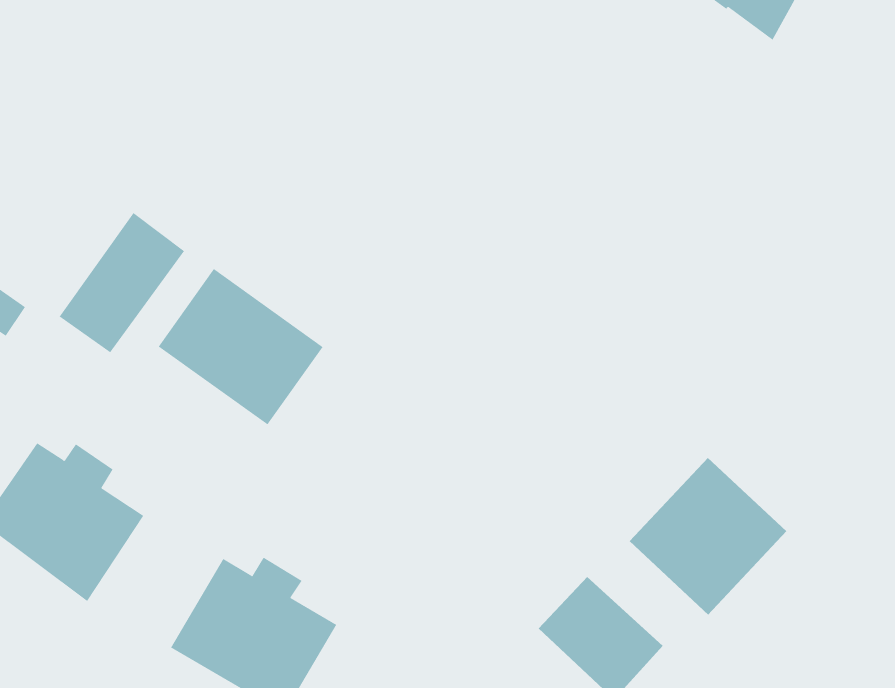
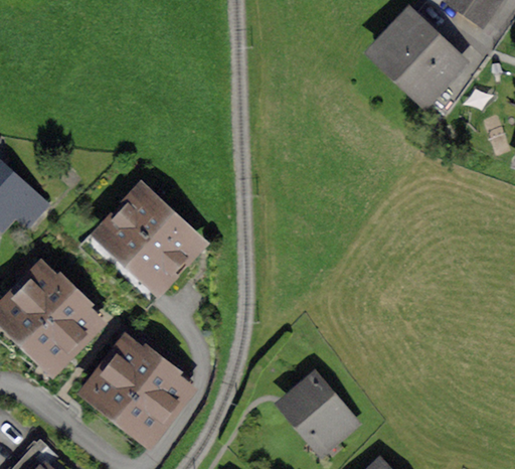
building: [59,212,185,353] -> none
building: [629,457,787,615] -> none

